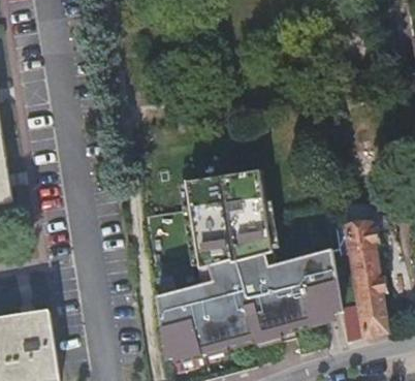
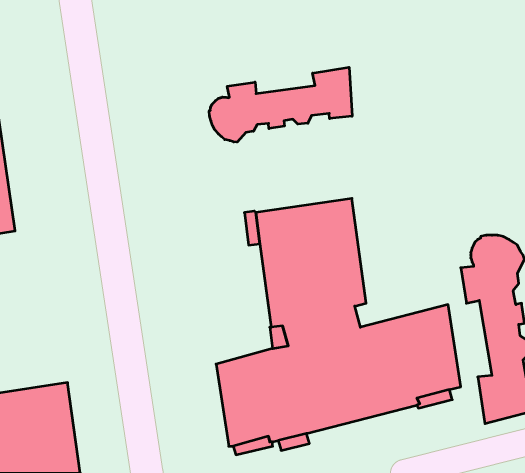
building: none -> [209,67,352,142]

